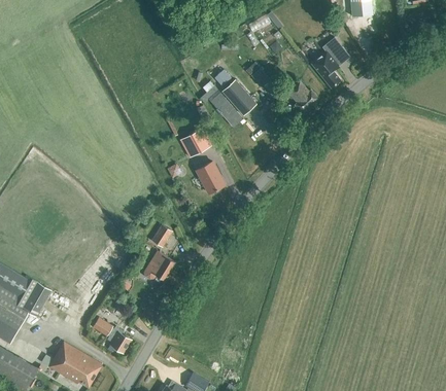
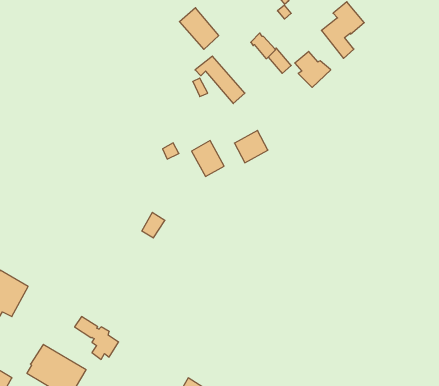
building: [221,78,256,115] -> [179,8,219,49]
building: [180,127,210,155] -> [234,130,268,163]
building: [144,251,175,281] -> none

